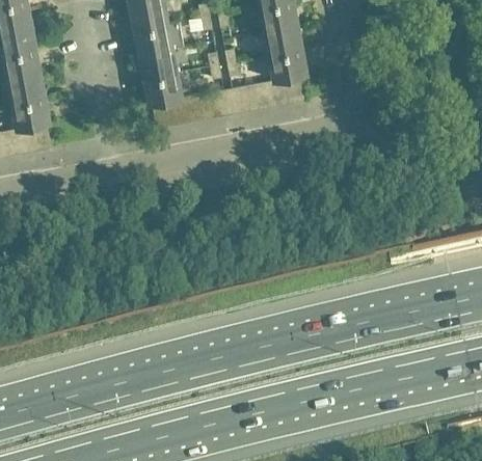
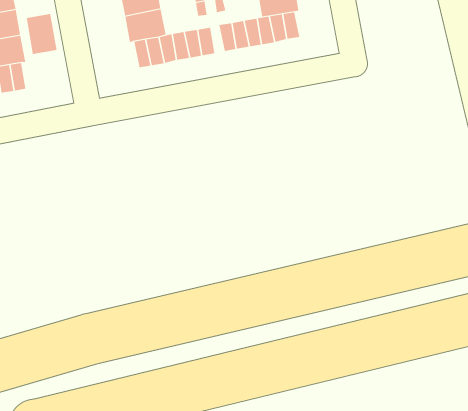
building: none -> [26,13,57,55]

